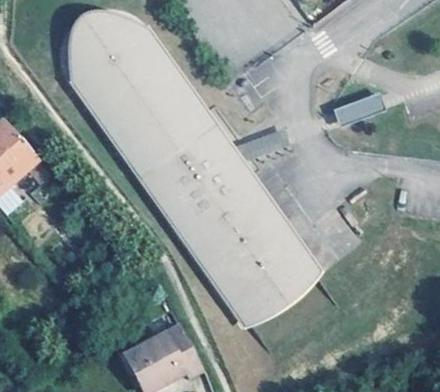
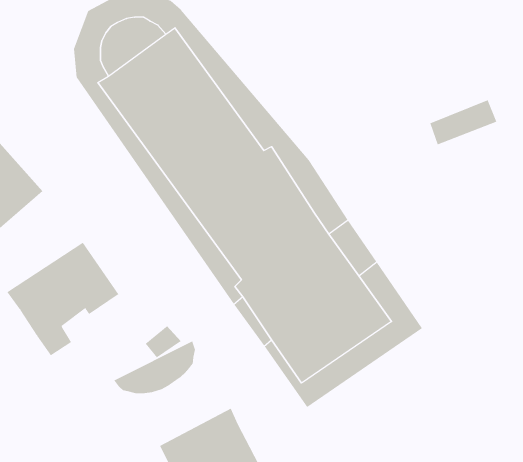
building: none -> [7,242,119,356]
building: none -> [113,341,196,394]

